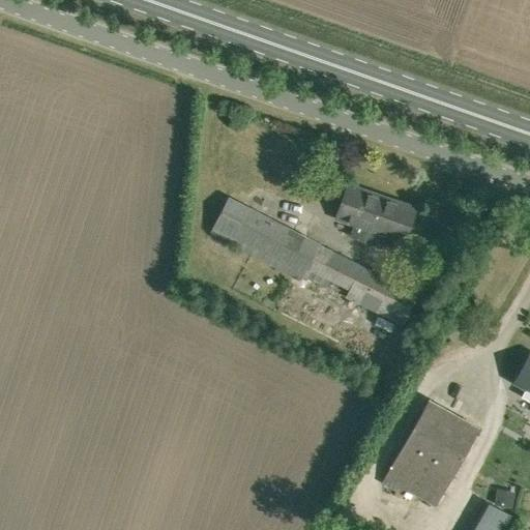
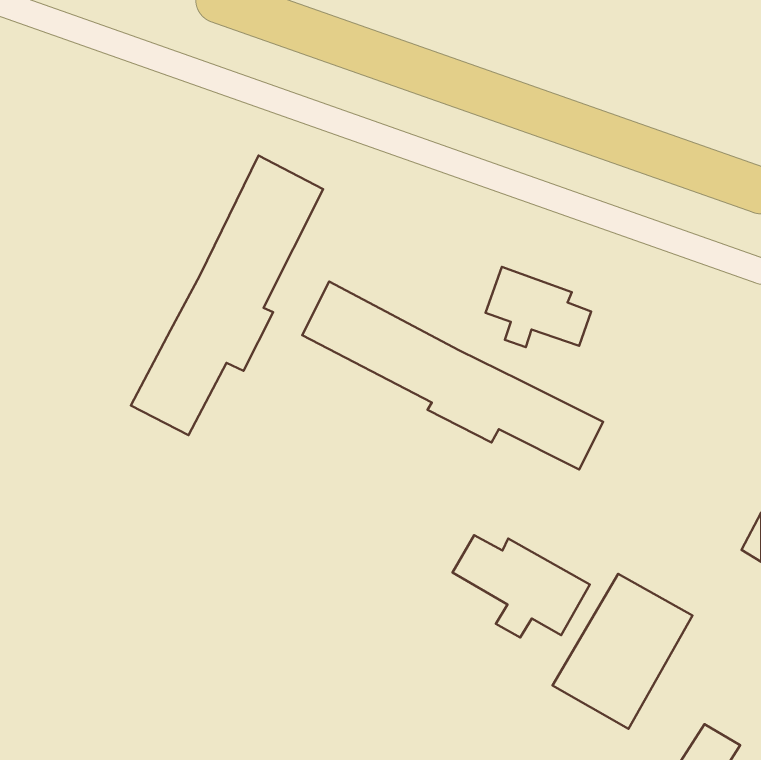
building: none -> [131,155,323,435]
building: none -> [453,535,590,638]

